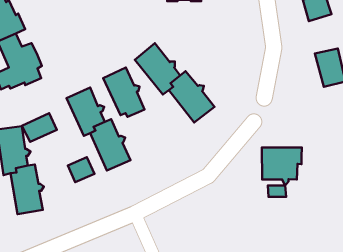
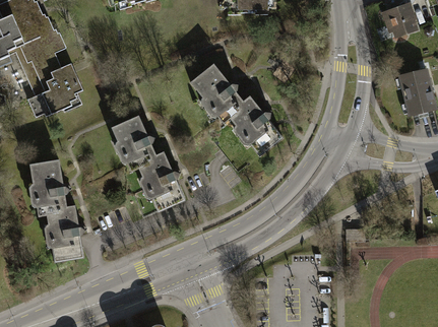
building: [103,68,145,117] -> none
building: [22,113,57,142] -> none
building: [262,147,302,185] -> none
building: [68,157,95,182] -> none

